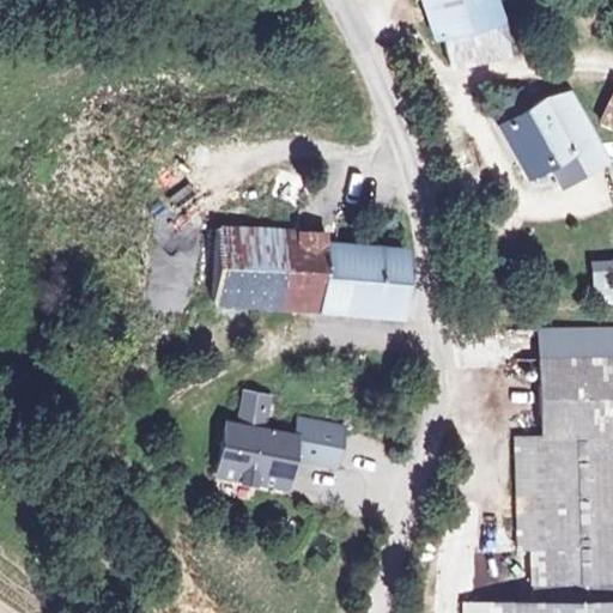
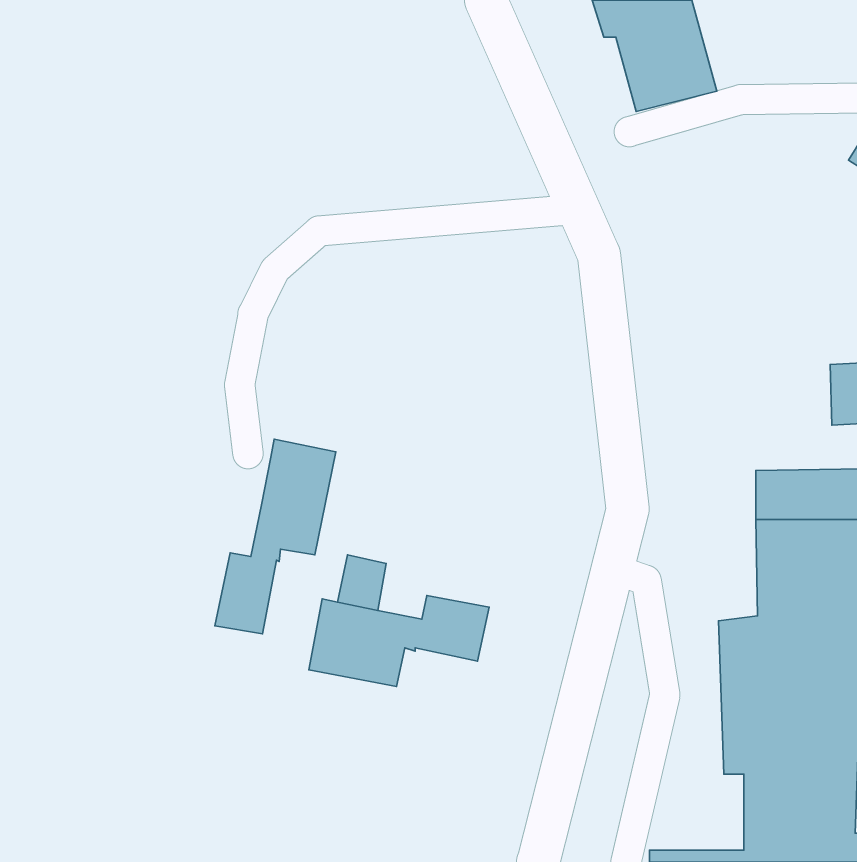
building: [498,96,595,178] -> none
building: [221,226,417,318] -> none
building: none -> [215,439,336,634]

